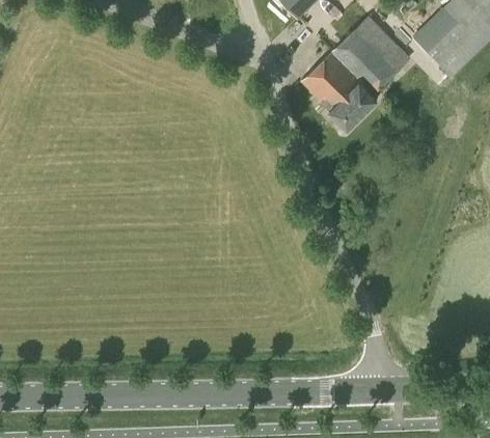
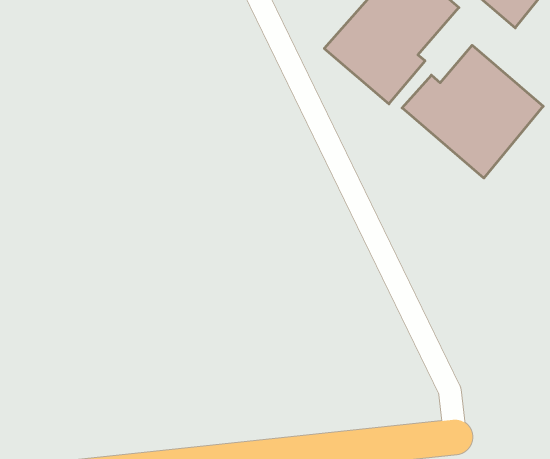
building: none -> [402,45,543,178]

